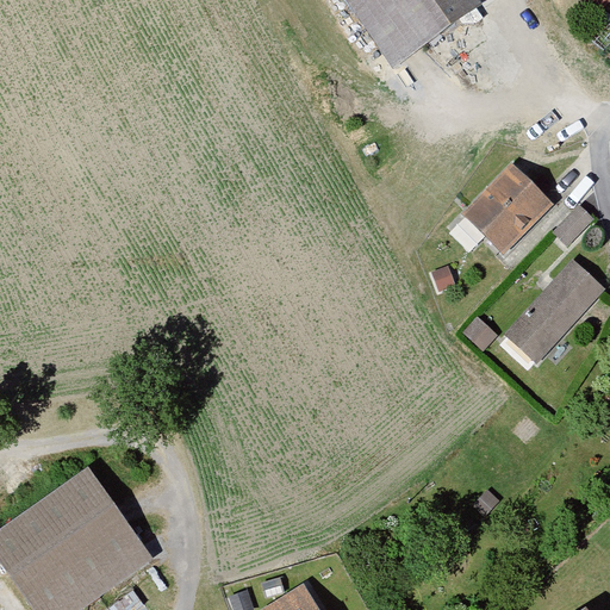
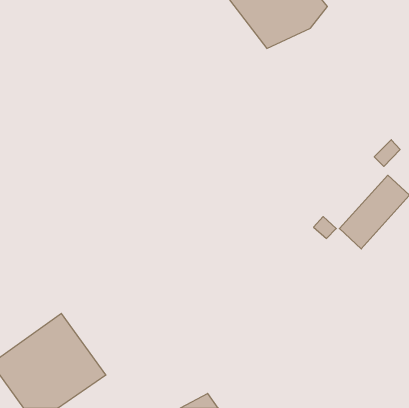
building: [463,168,555,261] -> none

